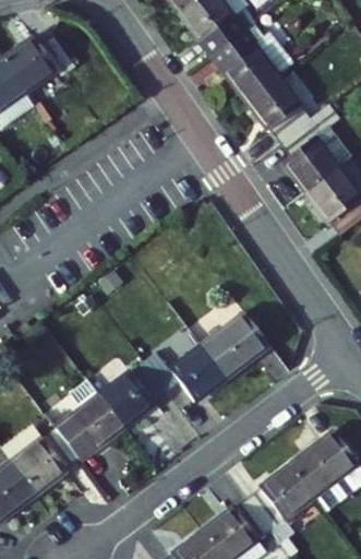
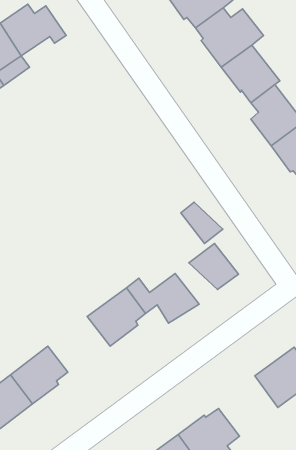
building: [202,330,250,377] -> [181,202,223,243]
building: [57,378,128,454] -> none
building: [251,459,318,527] -> none

